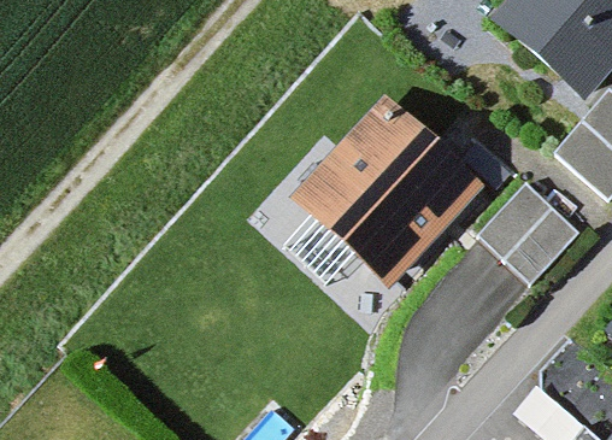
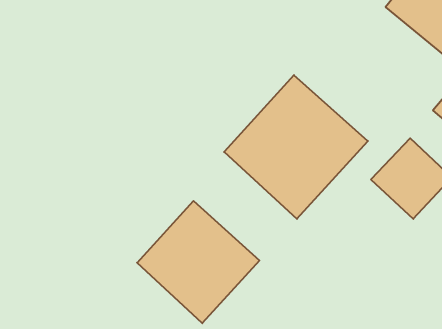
building: none -> [137,201,259,323]

